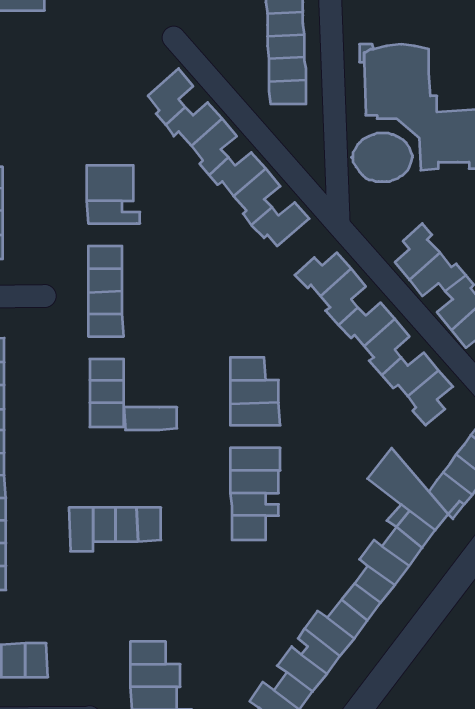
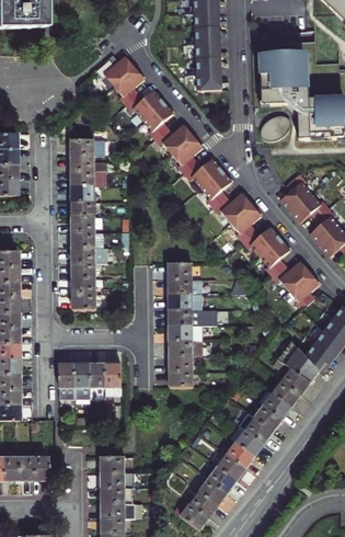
building: none -> [97,56,136,85]
building: none -> [203,169,234,207]
building: none -> [74,172,107,187]
building: [124,407,177,430] -> [74,249,111,264]
building: none -> [171,309,206,324]

